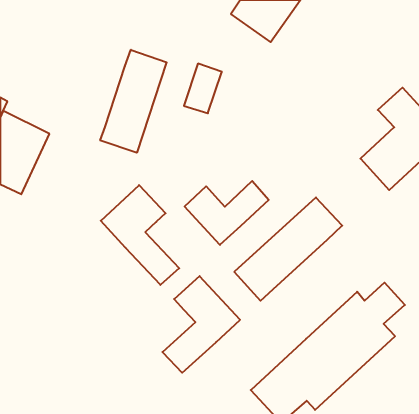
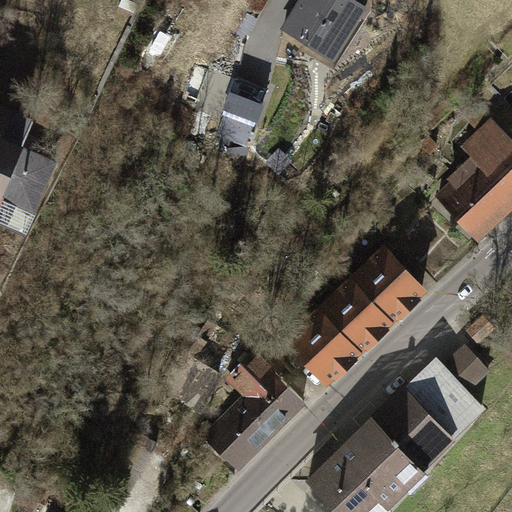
building: [100,50,167,153] -> none
building: [185,181,269,245] -> none
building: [101,185,179,285] -> none

